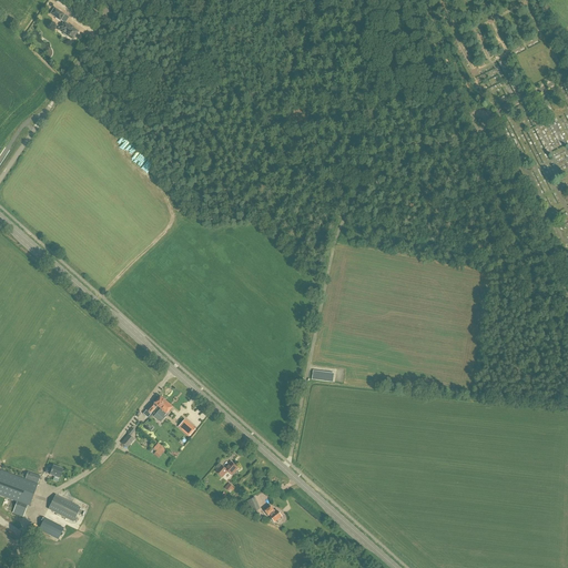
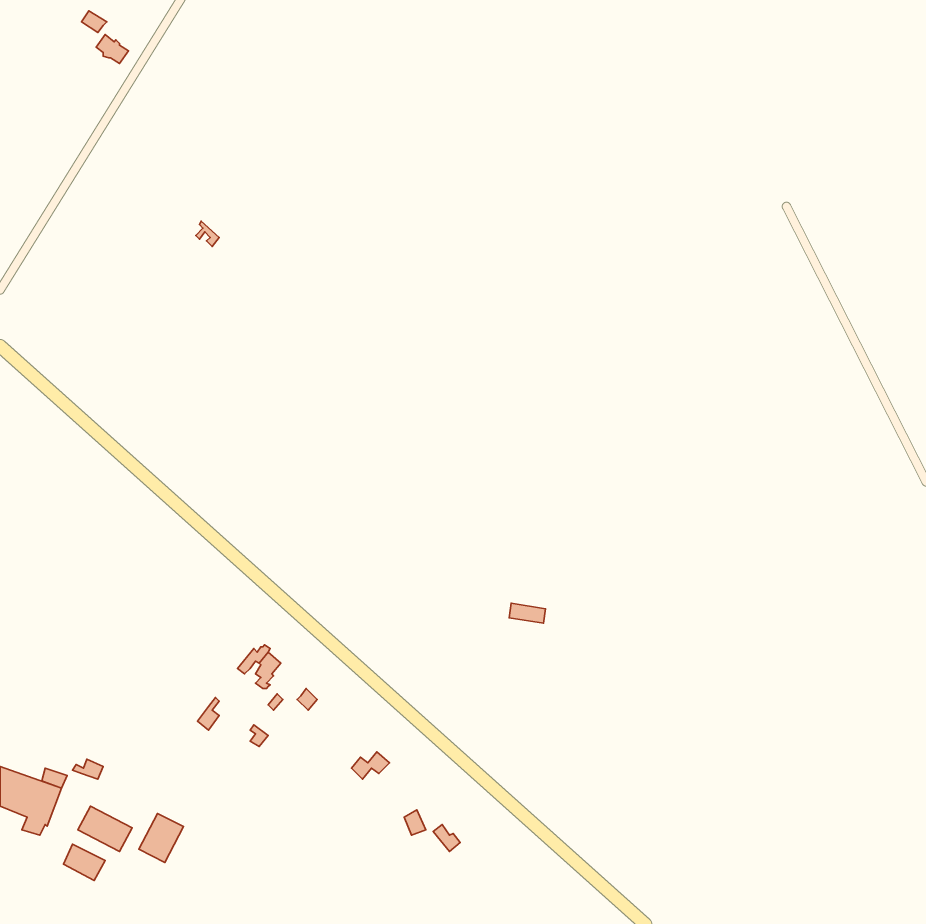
building: none -> [139,813,184,862]

